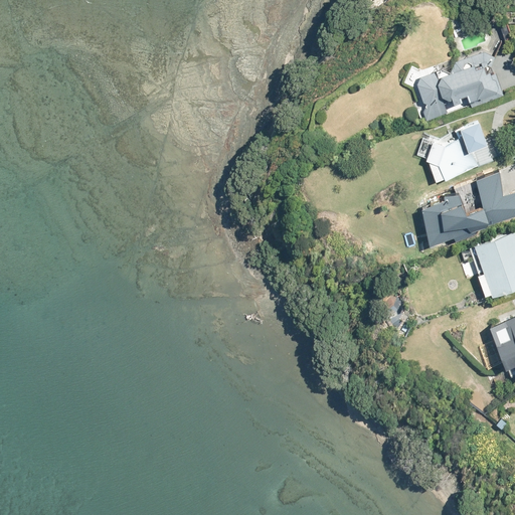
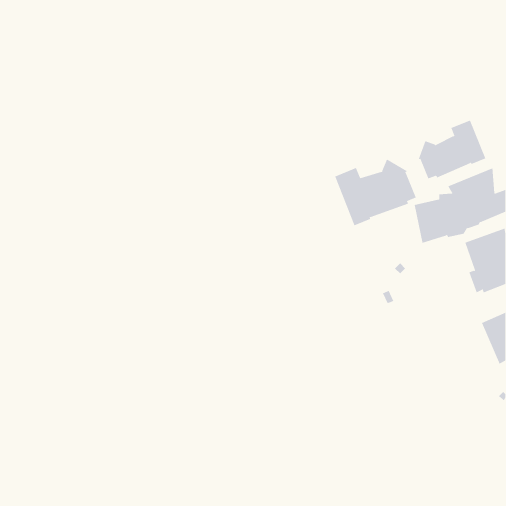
building: [416,51,503,122] -> none
building: none -> [334,158,416,226]

